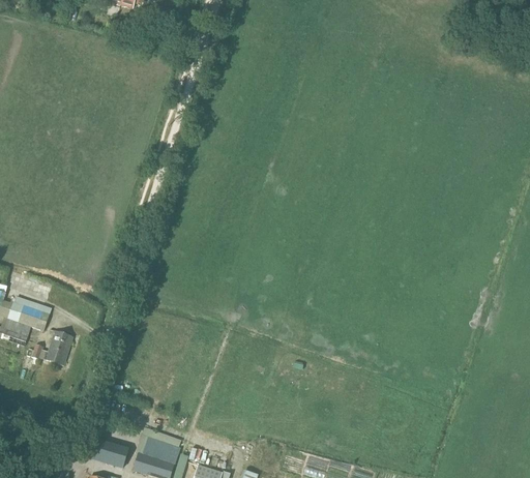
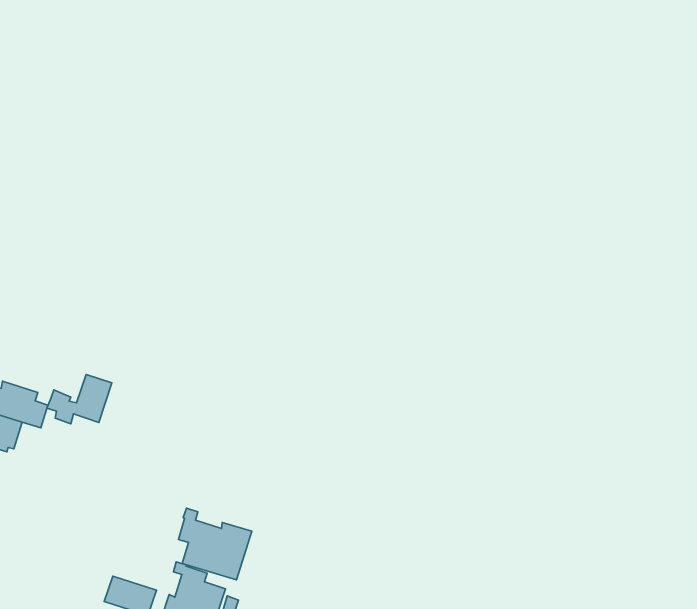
building: [26,330,73,366] -> [47,374,112,424]
building: none -> [178,508,252,580]

